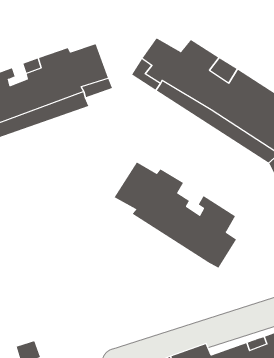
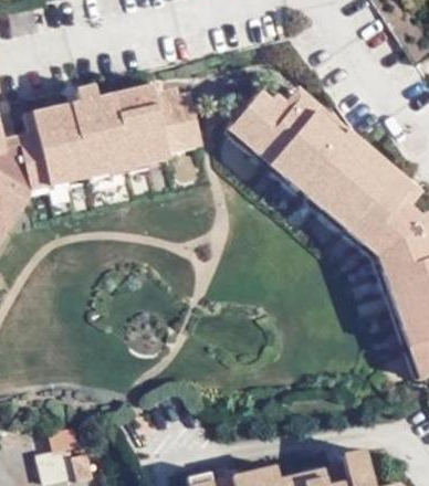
building: [114,161,237,269] -> none

